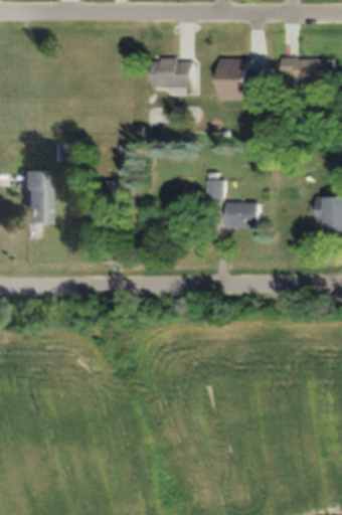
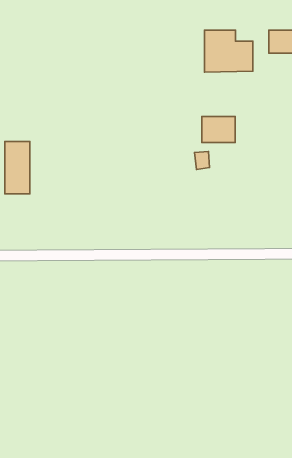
building: [155,60,195,88] -> none
building: [229,202,263,228] -> [202,116,235,143]

